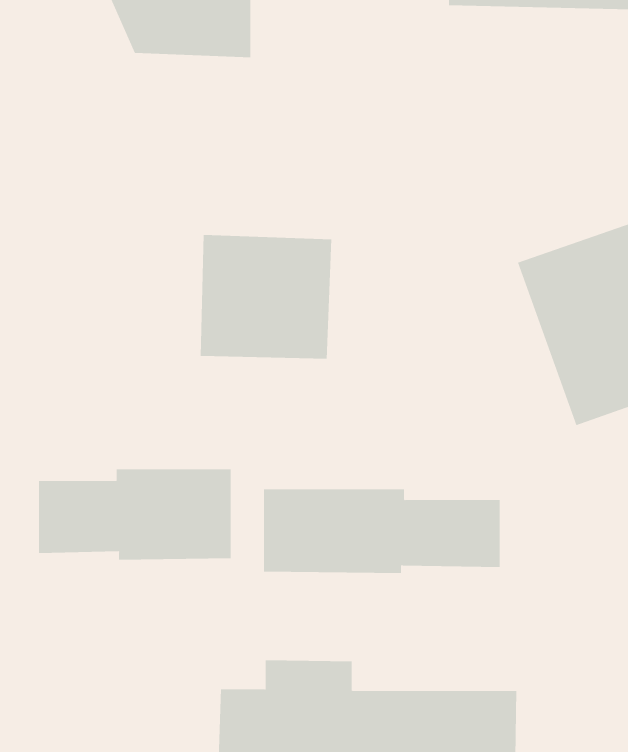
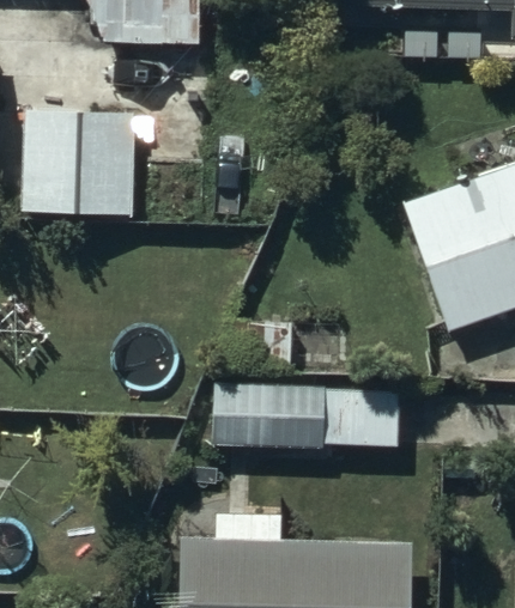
building: [200,234,332,359] -> [34,116,137,213]
building: [39,469,231,560] -> none

